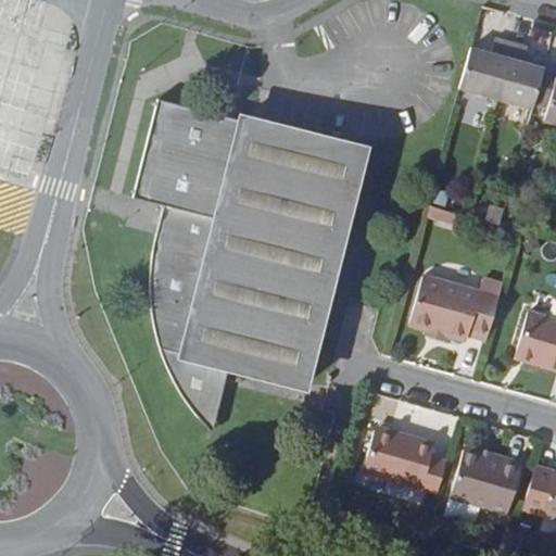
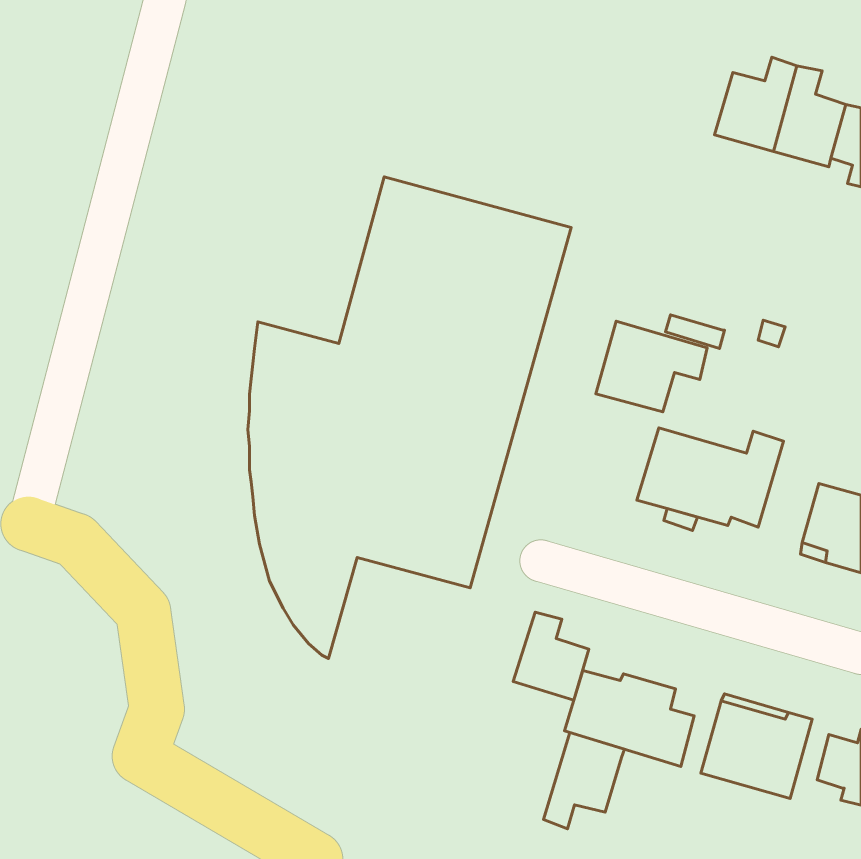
building: [139,90,248,222] -> none
building: none -> [596,321,707,412]
building: none -> [513,612,589,700]
building: none -> [544,733,625,829]

